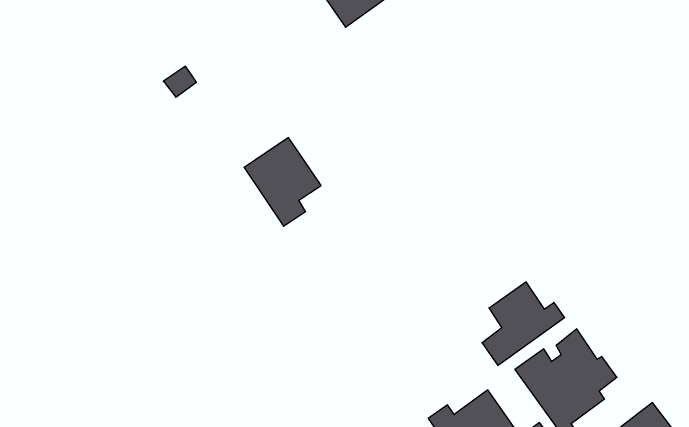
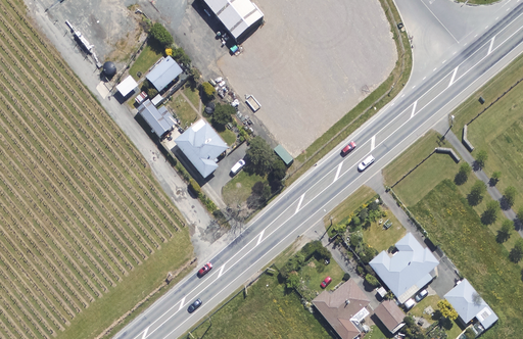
building: none -> [146,56,183,92]
building: none -> [138,101,176,136]
building: [482,282,564,365] -> none

